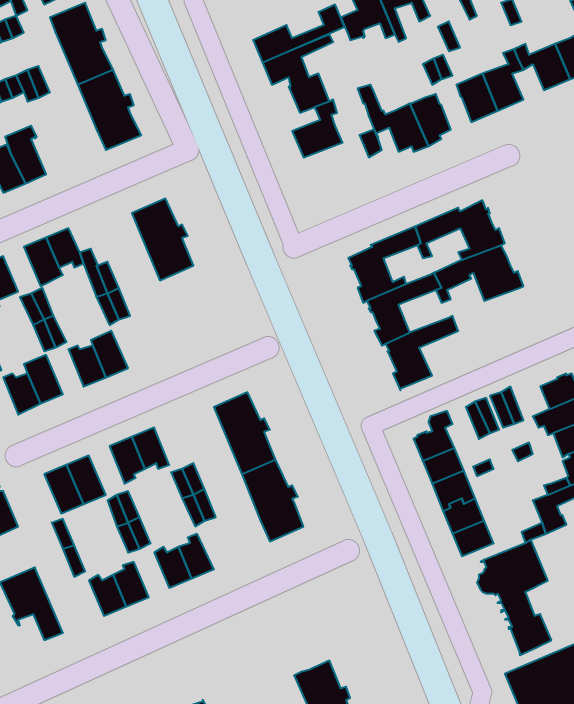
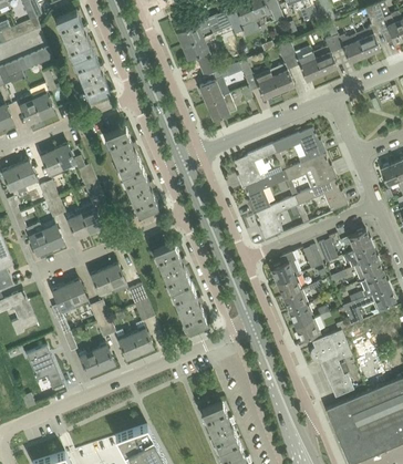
building: none -> [206,94,236,120]
building: none -> [121,167,158,215]
building: none -> [294,181,348,216]

